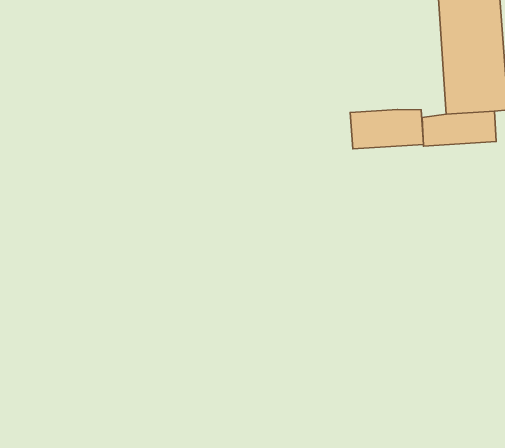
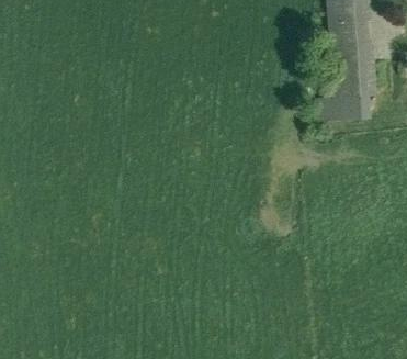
building: [350,109,424,149] -> none

